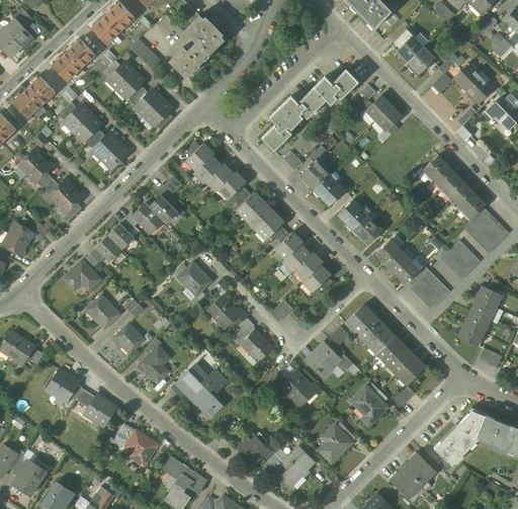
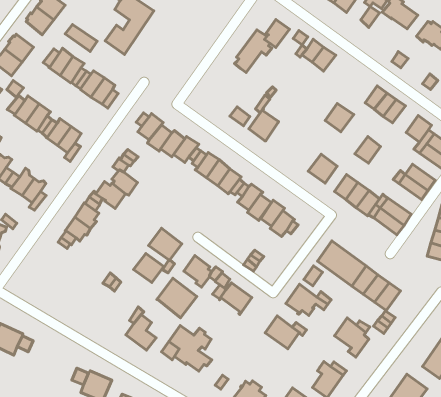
building: [262,96,303,151] -> none
building: [315,175,345,206] -> none
building: [446,180,473,207] -> [355,137,381,163]
building: [338,200,368,230] -> [325,104,354,132]
building: [63,261,100,290] -> none
building: [86,295,119,329] -> none
building: none -> [157,278,197,318]
building: [113,324,145,354] -> [134,254,164,282]
building: [46,368,79,404] -> none

